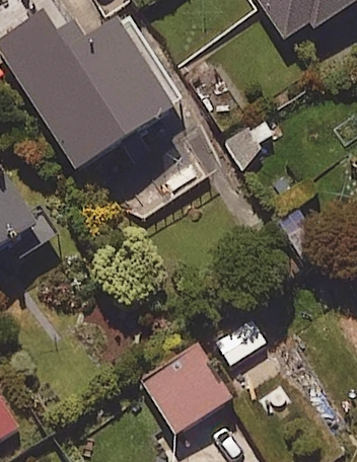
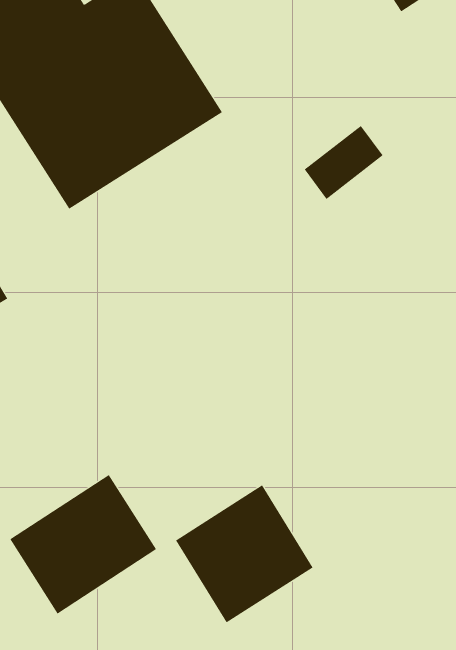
building: none -> [10,474,157,614]

